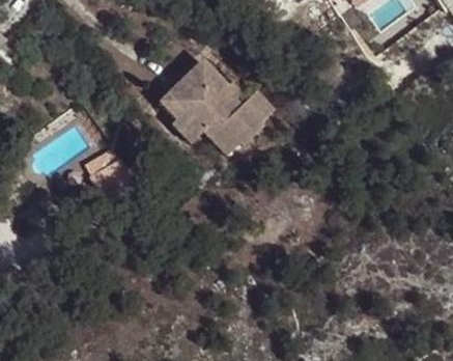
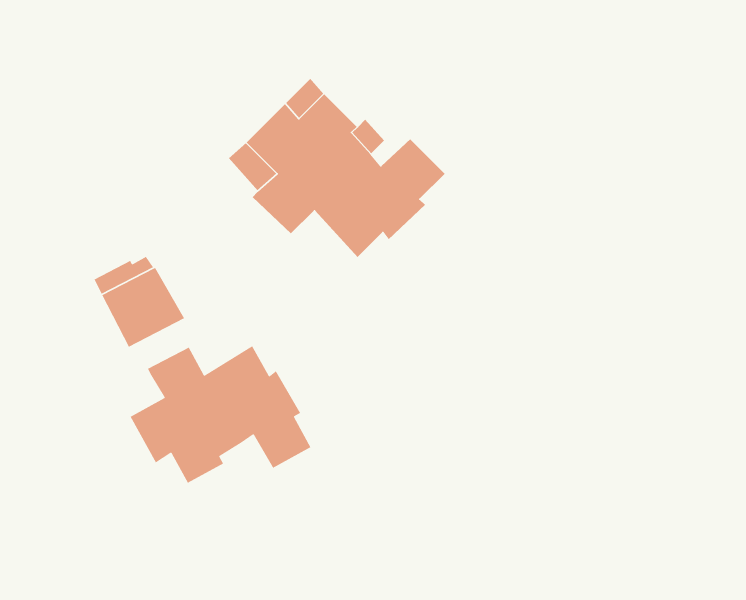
building: none -> [130,345,312,484]

